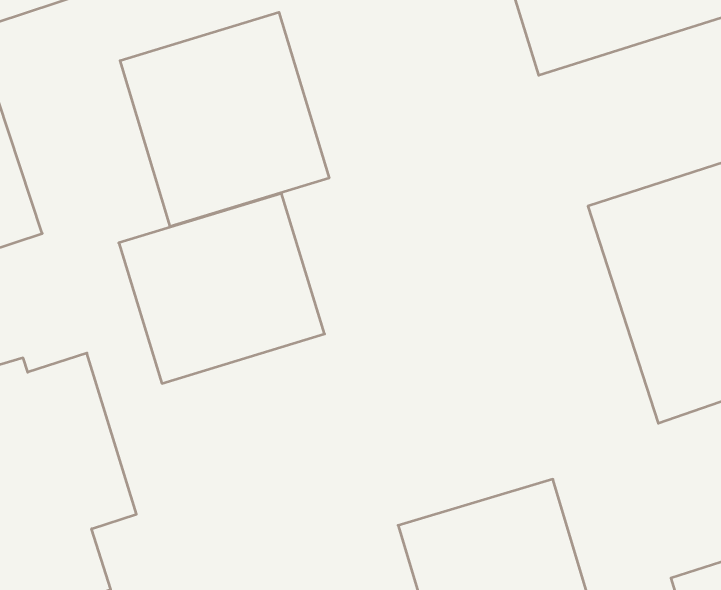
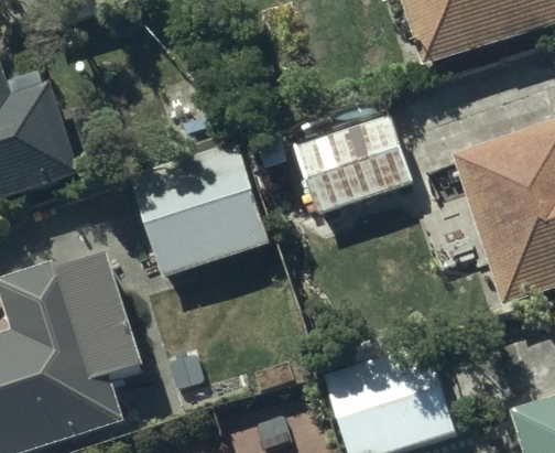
building: [120,12,329,226] -> none
building: none -> [293,111,410,214]

